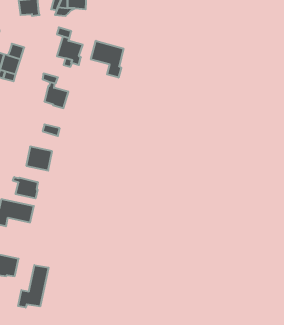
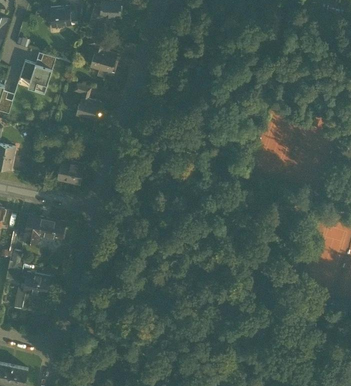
building: [91,41,123,78] -> none
building: [13,177,38,198] -> none
building: [18,265,49,308] -> none

